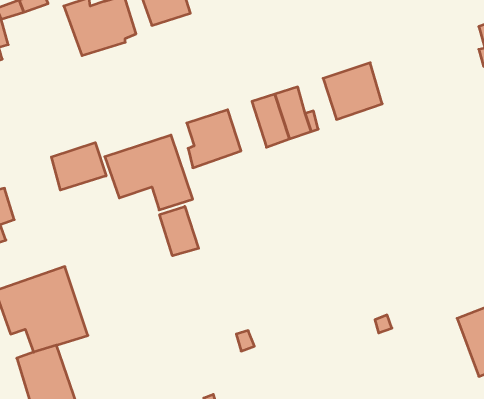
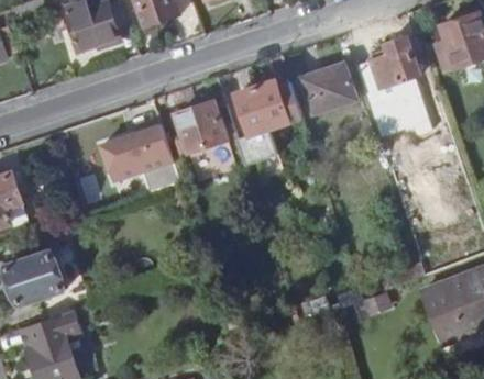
building: none -> [367,37,419,88]
building: [51,143,106,190] -> none
building: [160,206,199,256] -> none

